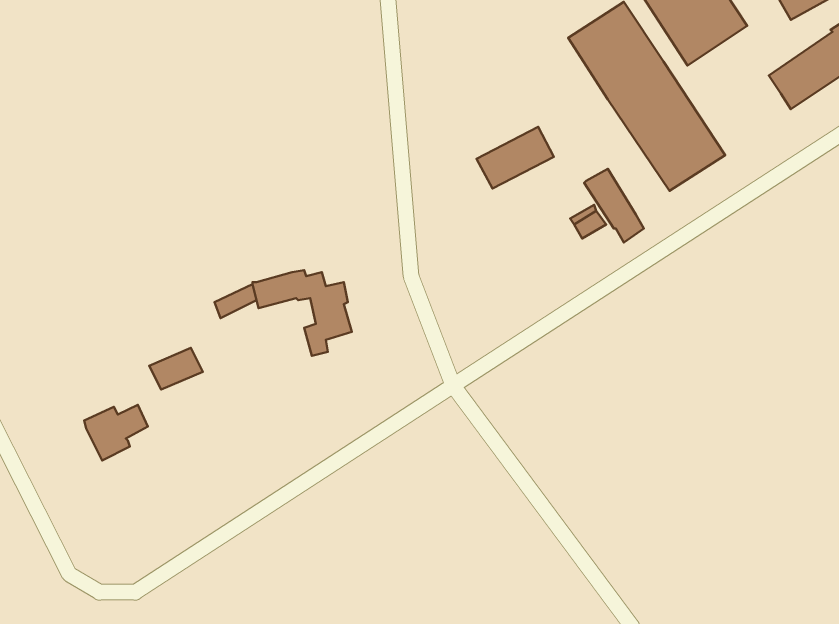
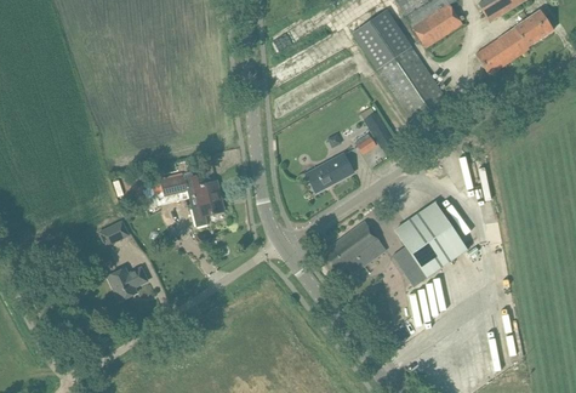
building: [476,127,554,189] -> [306,153,353,190]
building: none -> [393,200,467,283]
building: none -> [318,221,386,274]
building: [84,405,148,460] -> [108,266,147,300]

